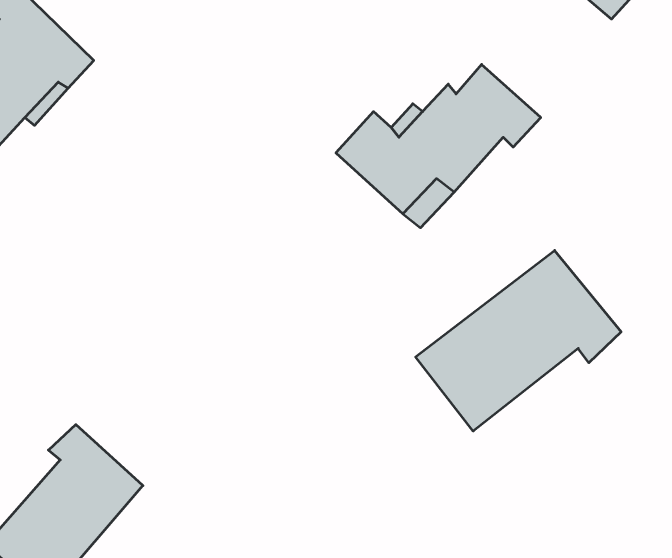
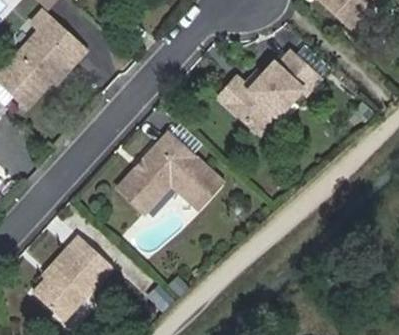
building: none -> [115,131,222,210]
building: [416,250,621,431] -> none

